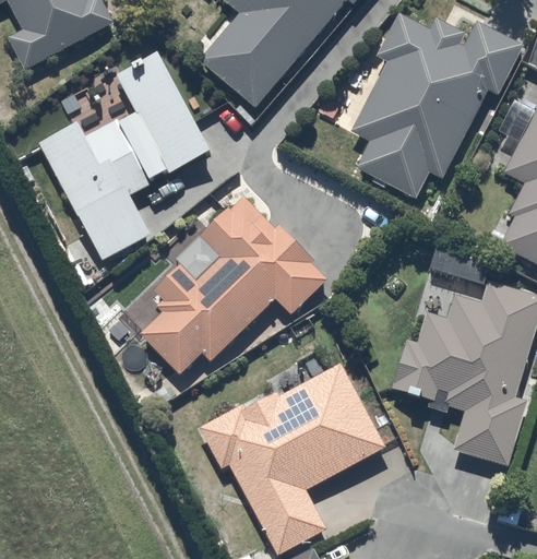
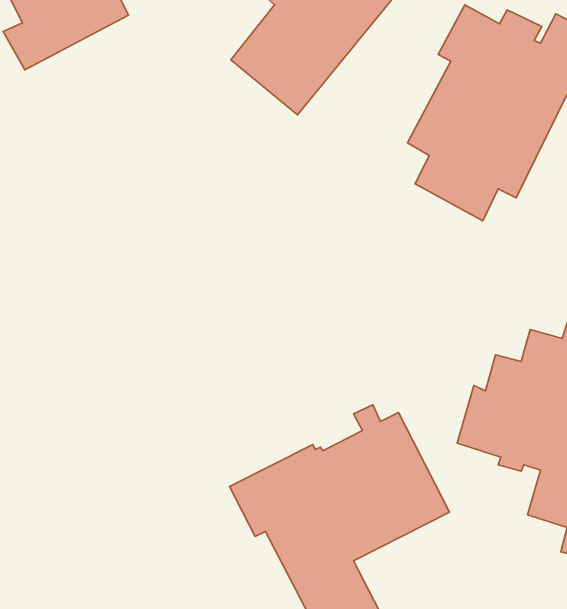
building: [38,51,211,260] -> none
building: [139,195,326,374] -> none

